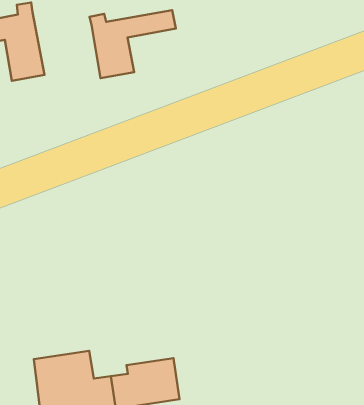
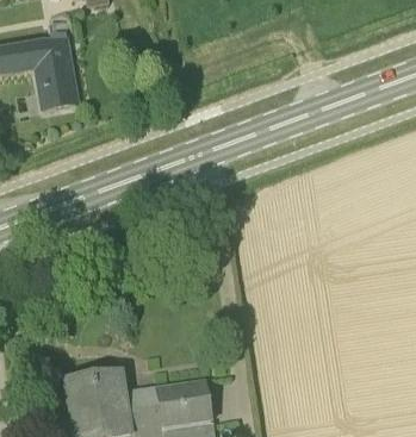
building: [89,10,176,78] -> none

